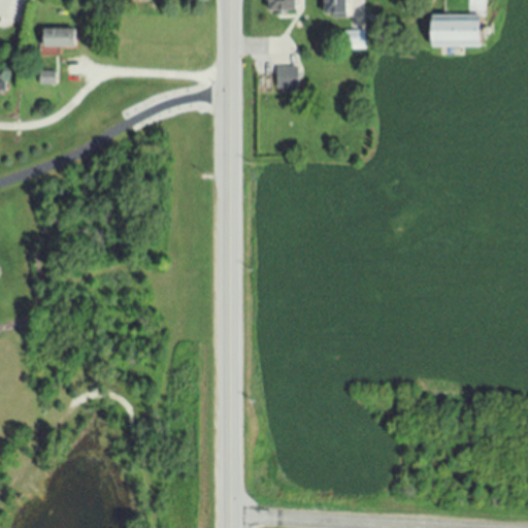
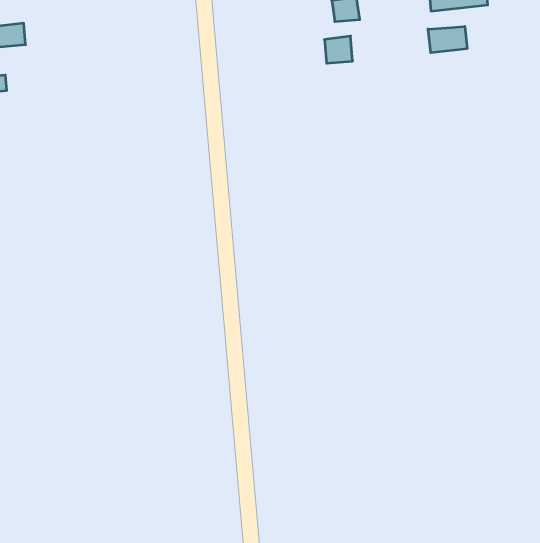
building: none -> [428,26,467,53]
building: [277,65,300,87] -> [324,36,353,63]

